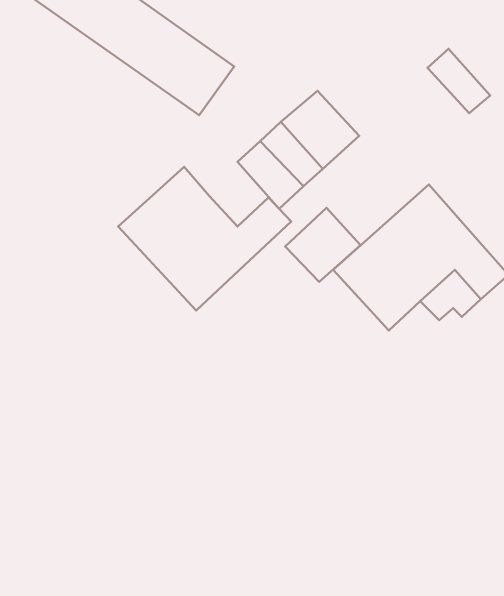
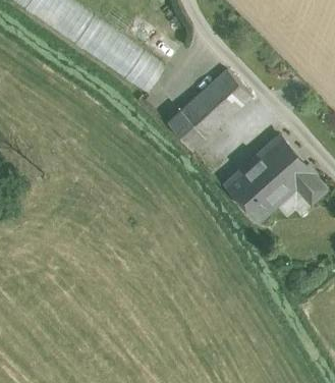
building: [428,49,490,113] -> [215,68,252,106]
building: [118,167,291,310] -> none
building: [285,208,361,282] -> none

